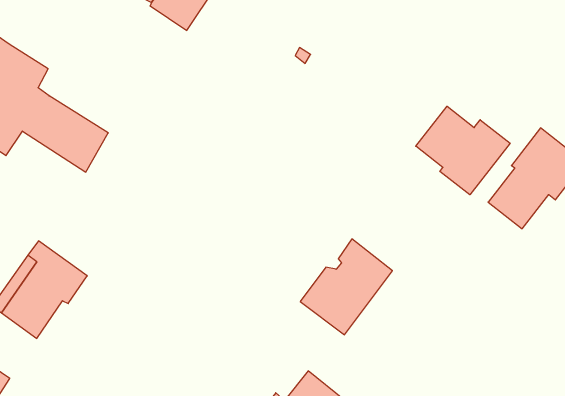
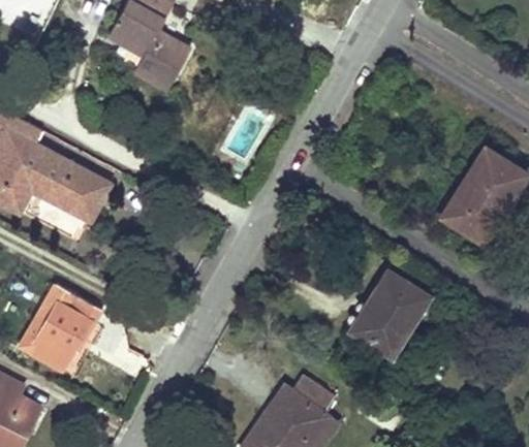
building: [416,106,510,195] -> none
building: [300,239,392,335] -> [350,272,429,356]

